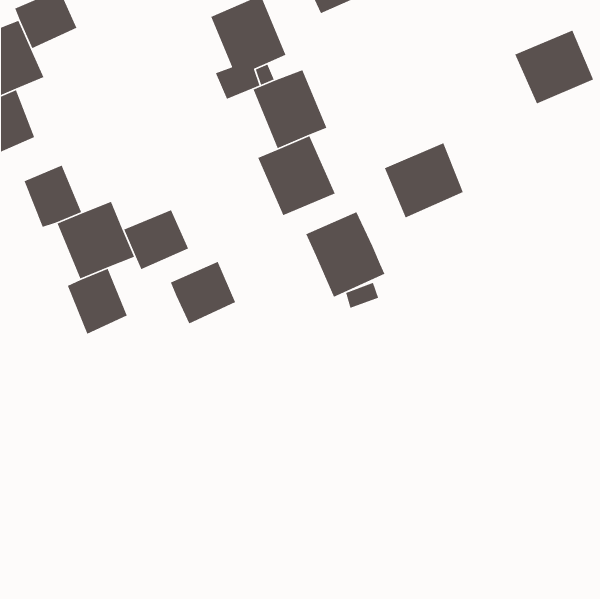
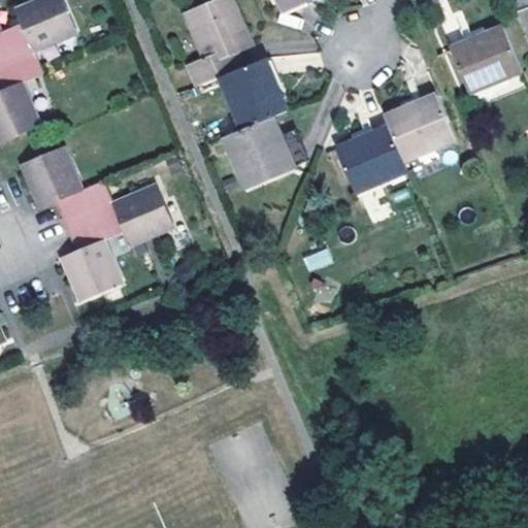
building: none -> [386,94,456,161]
building: [305,211,385,298] -> none
building: [170,261,236,325] -> none

